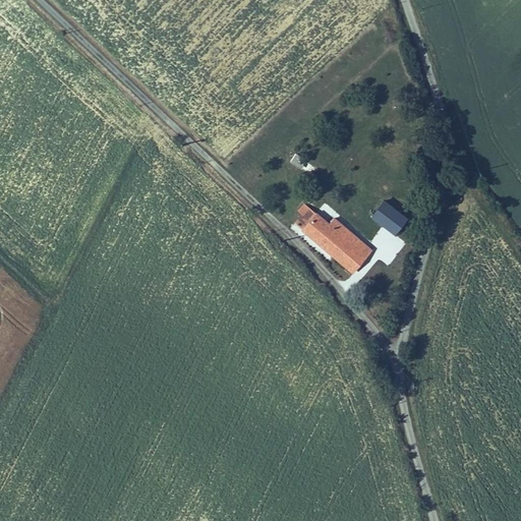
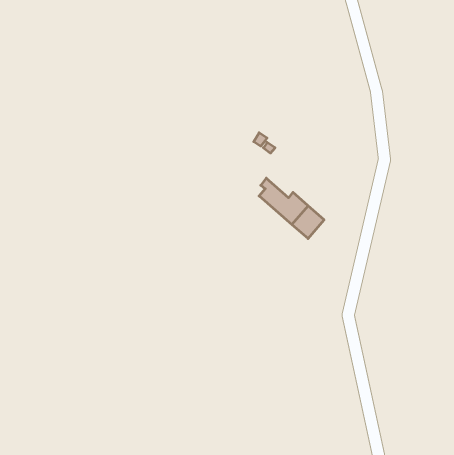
building: [370,199,407,235] -> none

